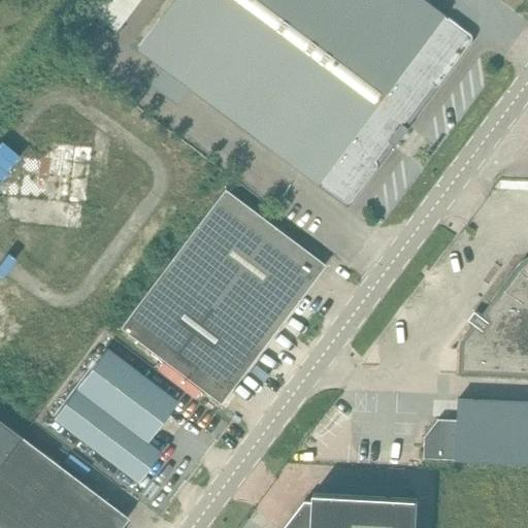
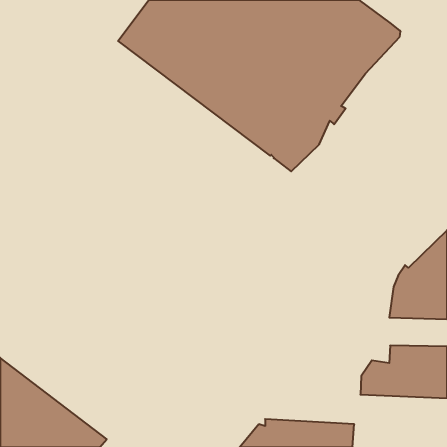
building: [121,191,324,404] -> none
building: [54,350,176,483] -> none

